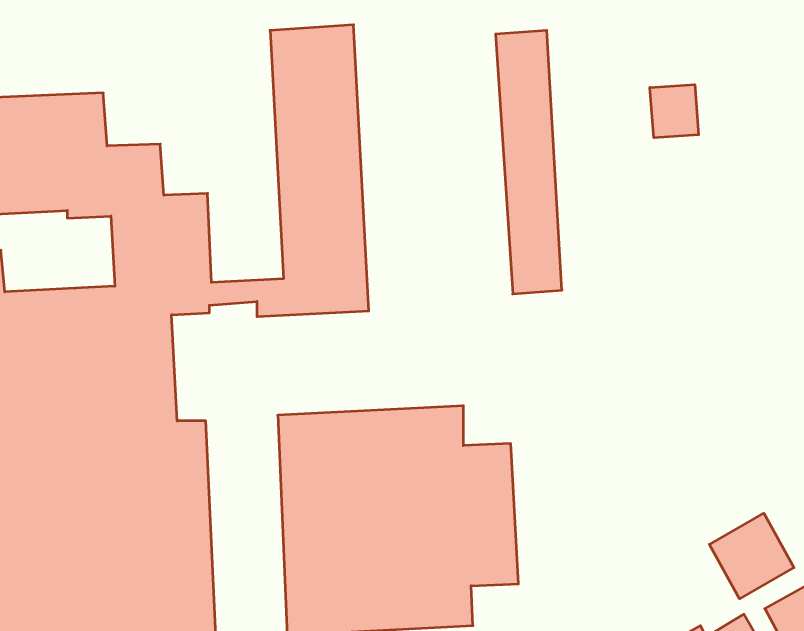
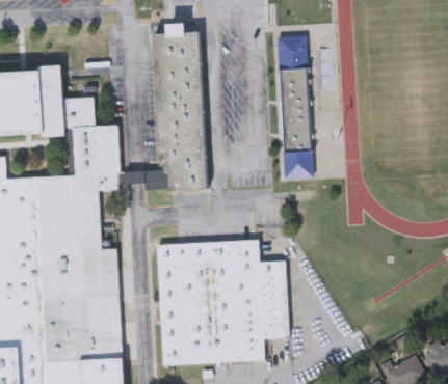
building: [650,85,699,138] -> none
building: [709,513,794,599] -> none

